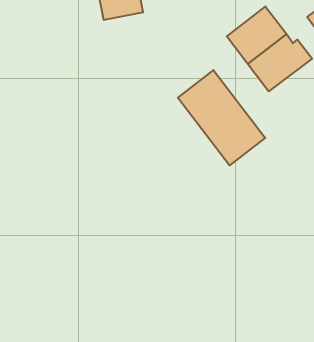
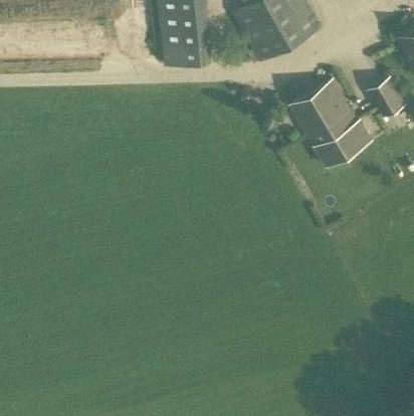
building: [178,70,265,165] -> none

